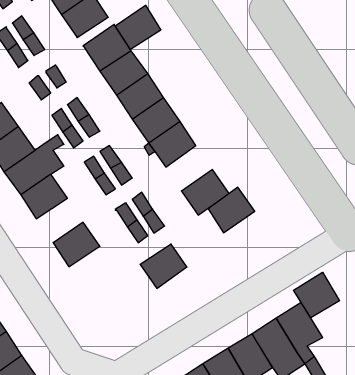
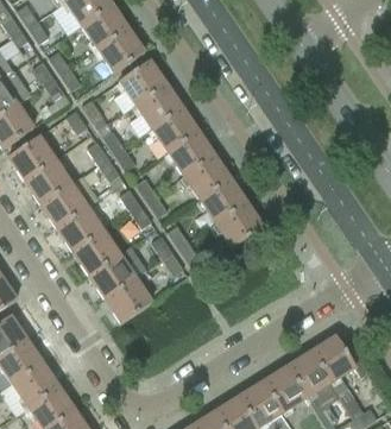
building: [115,5,161,50] -> none
building: [208,187,255,233] -> [201,178,247,223]
building: none -> [72,231,119,275]
building: [140,244,187,288] -> [105,278,151,322]
building: [293,272,339,318] -> none

